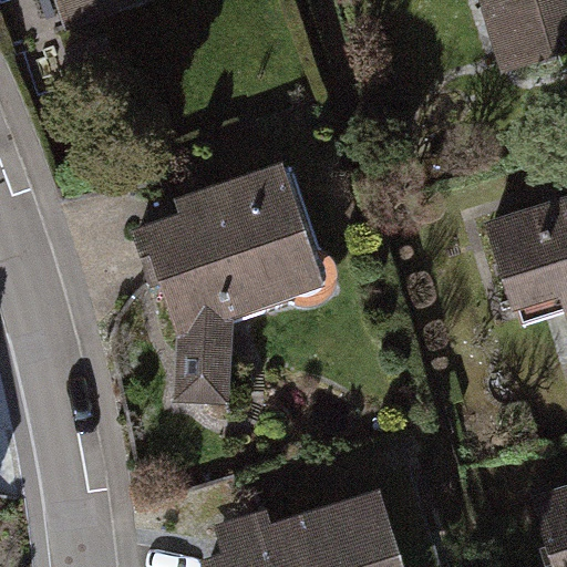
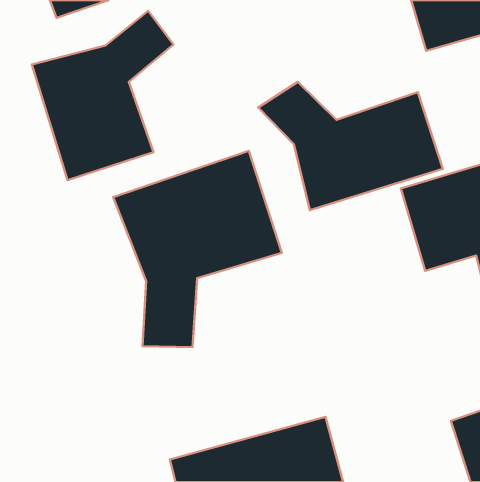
building: none -> [32,11,174,180]
building: none -> [258,82,443,210]

